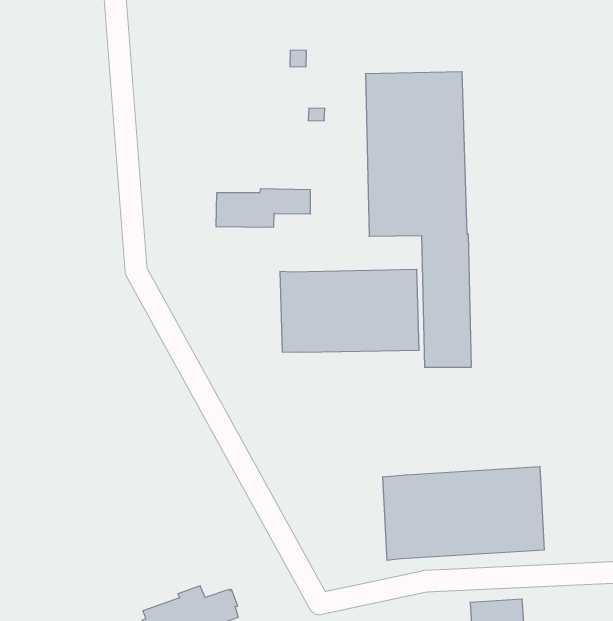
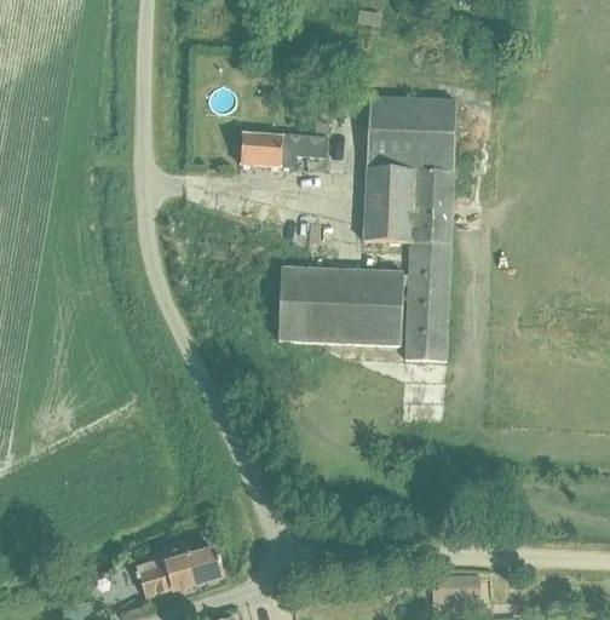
building: [216,189,311,227] -> [240,132,327,167]
building: [383,466,544,560] -> none

